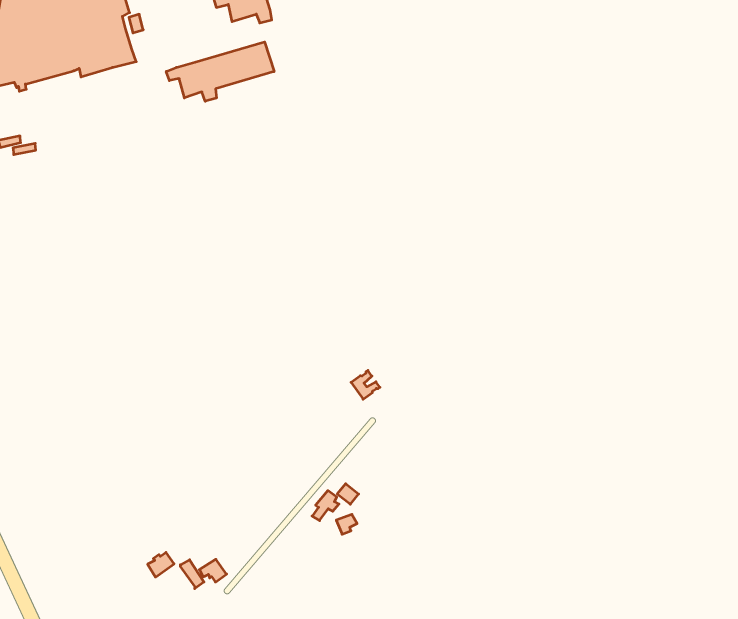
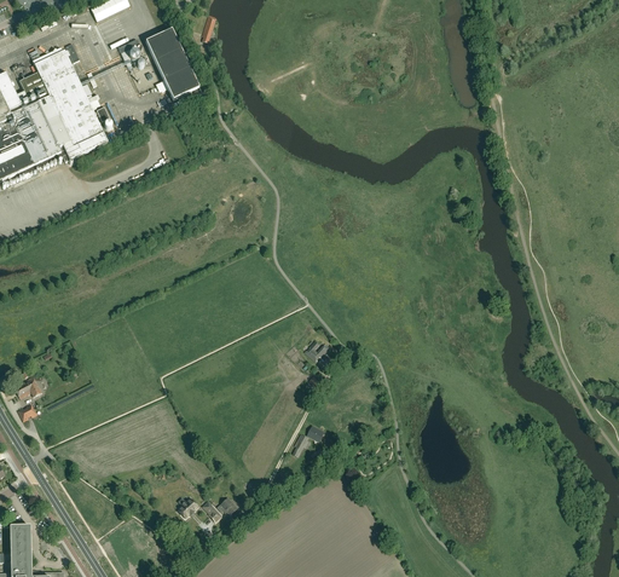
building: [166,42,274,101] -> none

